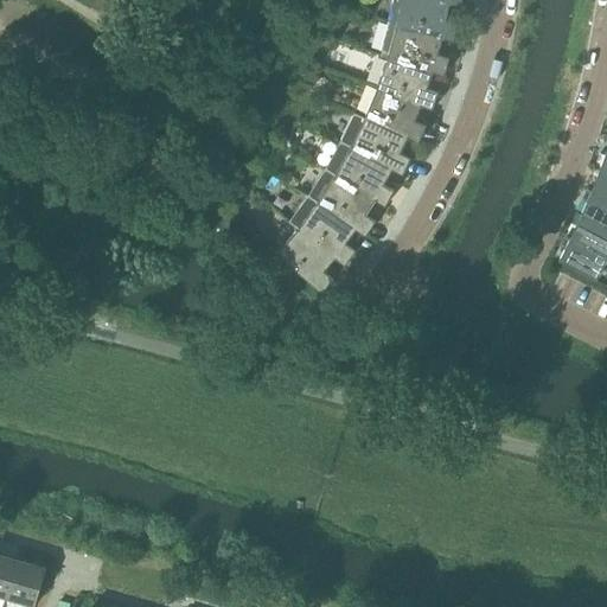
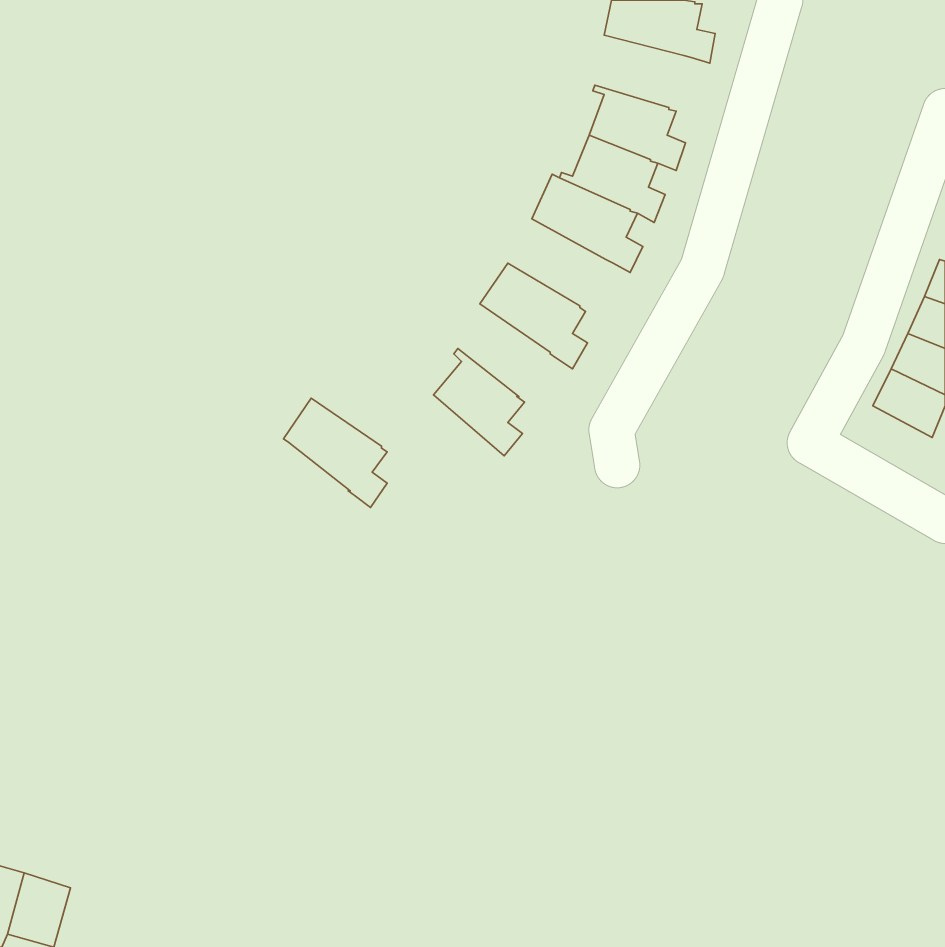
building: [378,23,449,75] -> none
building: [325,140,395,205] -> none
building: [289,194,356,264] -> [283,398,387,507]

